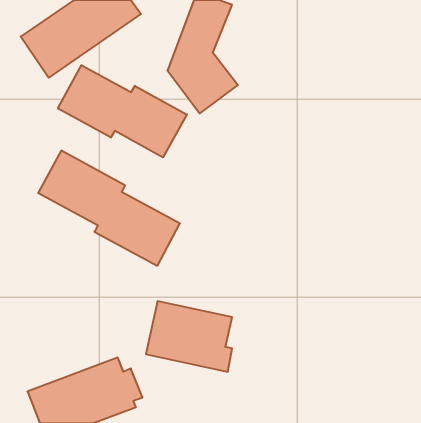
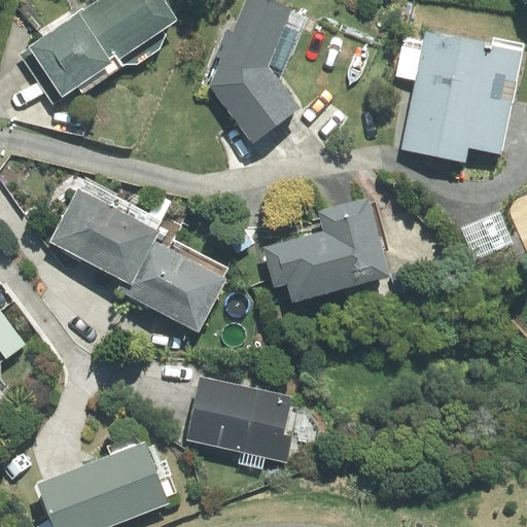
building: none -> [400,31,521,162]
building: [58,65,187,157] -> none
building: none -> [265,196,389,301]

